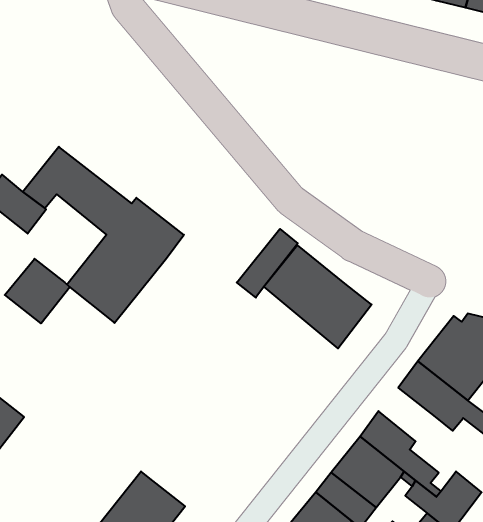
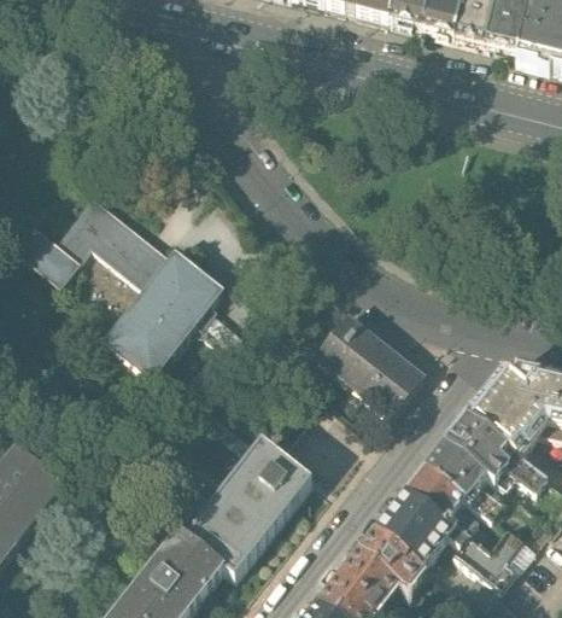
building: [237,229,298,298] -> none
building: [5,259,70,323] -> none
building: none -> [186,439,312,577]
building: none -> [426,447,502,523]

